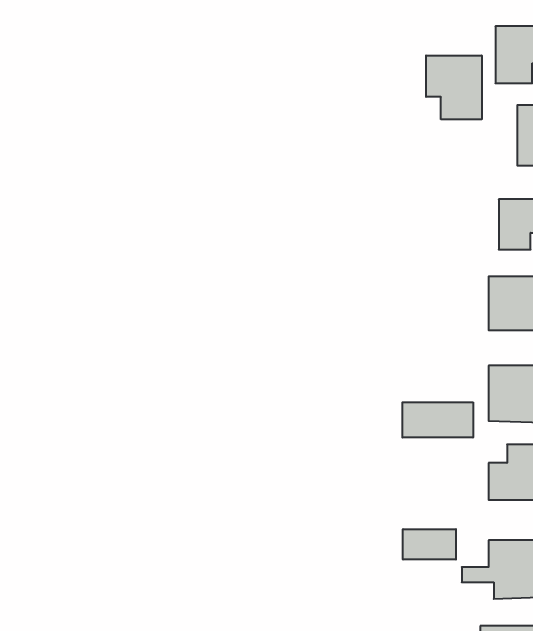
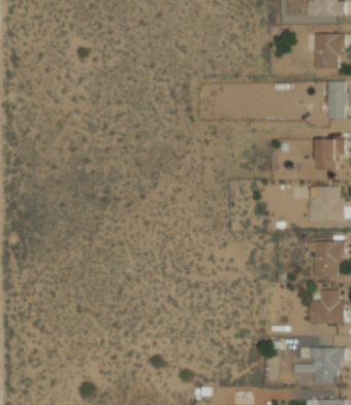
building: [426,55,482,119] -> none
building: [402,402,473,438] -> none
building: [403,529,456,560] -> none

